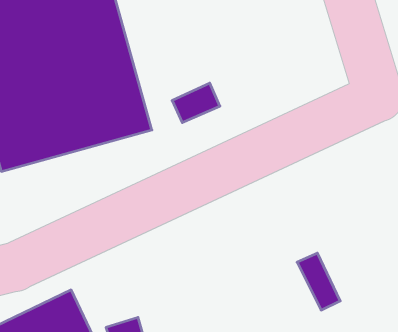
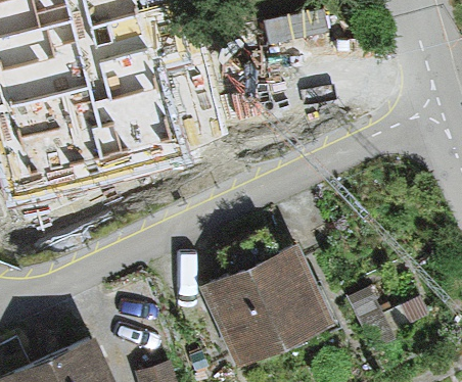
building: none -> [199,230,334,367]

